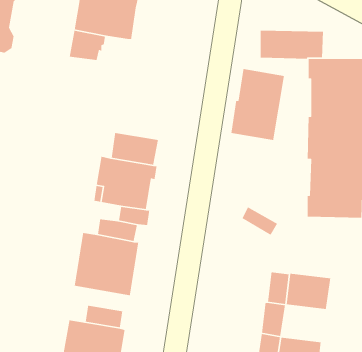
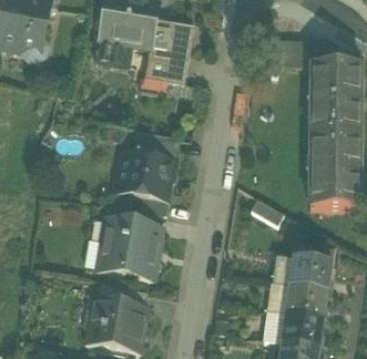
building: [231,68,285,141] -> [145,19,194,84]
building: none -> [286,286,327,319]

